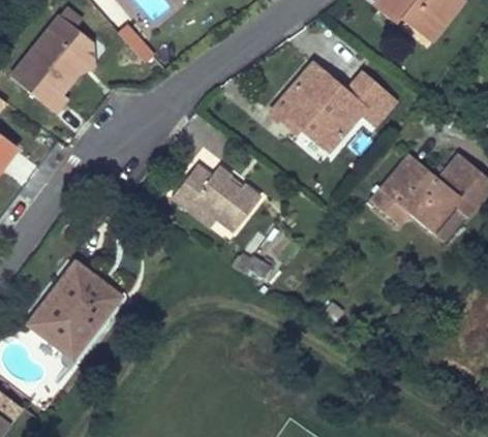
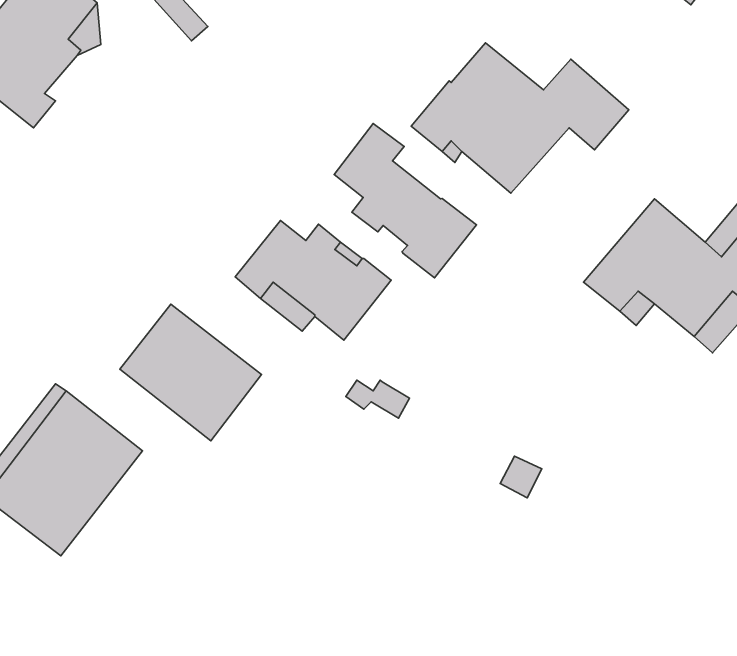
building: none -> [334,124,477,278]
building: none -> [120,304,262,441]

